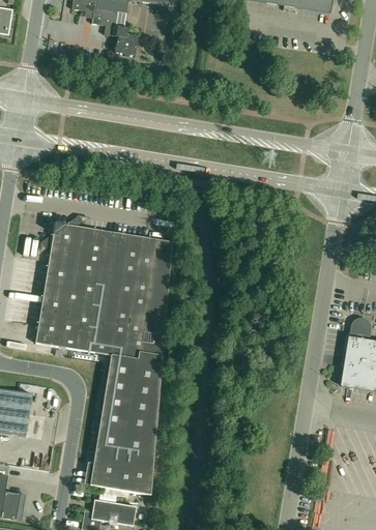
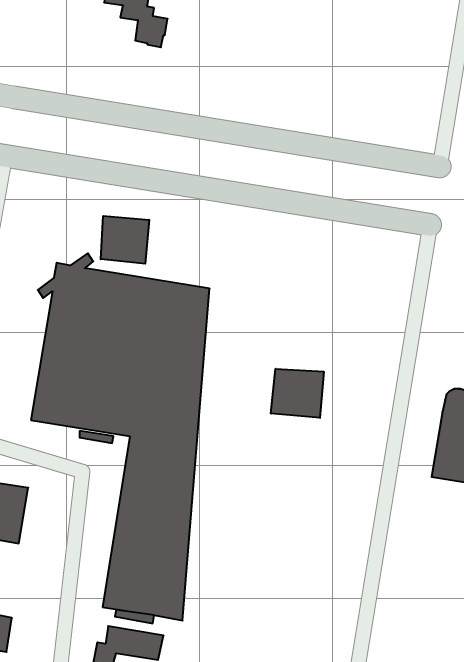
building: none -> [101,216,149,264]
building: none -> [271,369,324,418]

